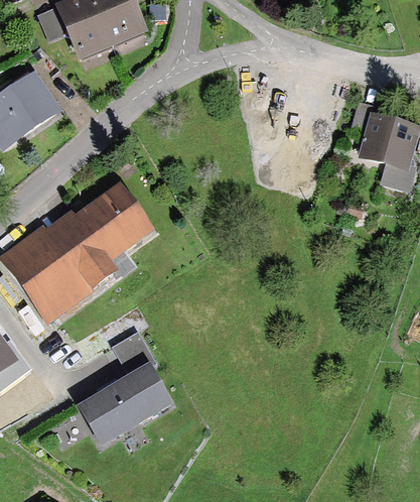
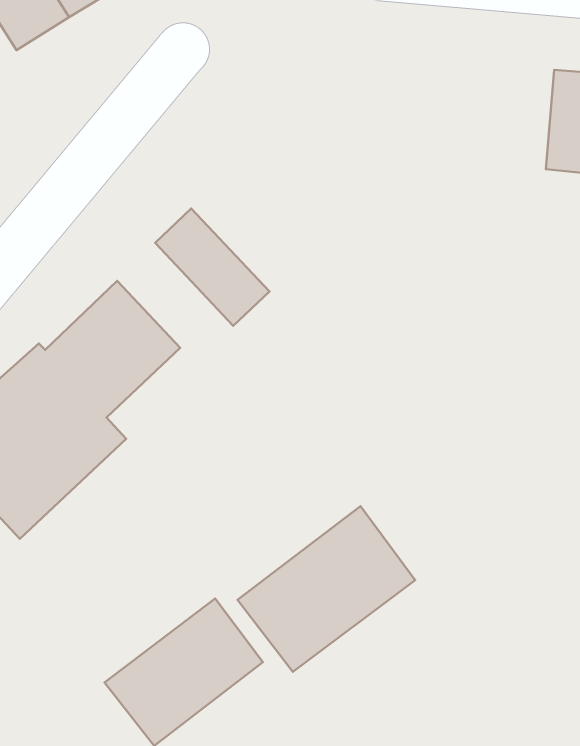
building: none -> [155,208,269,326]
building: none -> [237,506,415,672]

